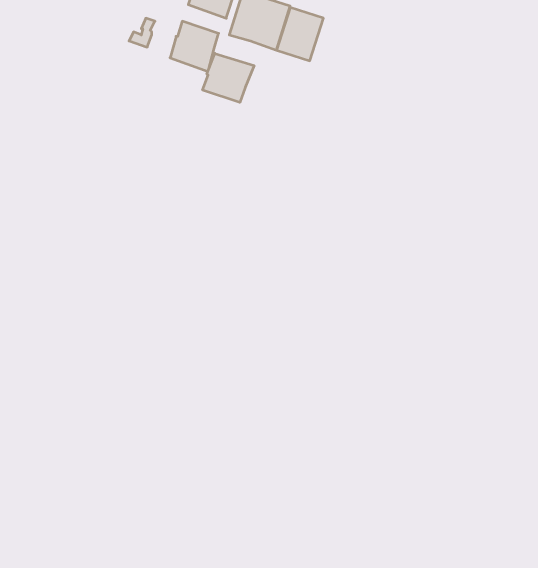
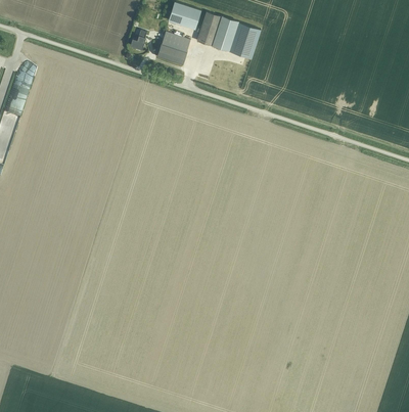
building: [203,53,254,102] -> none

